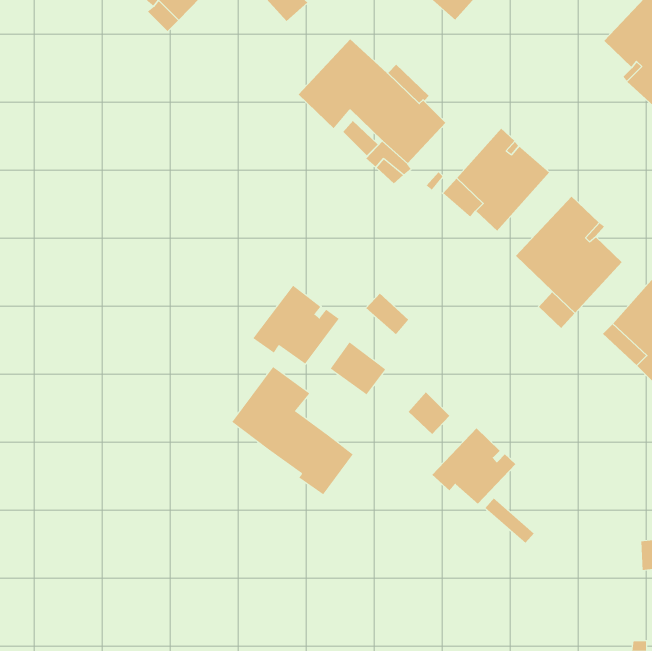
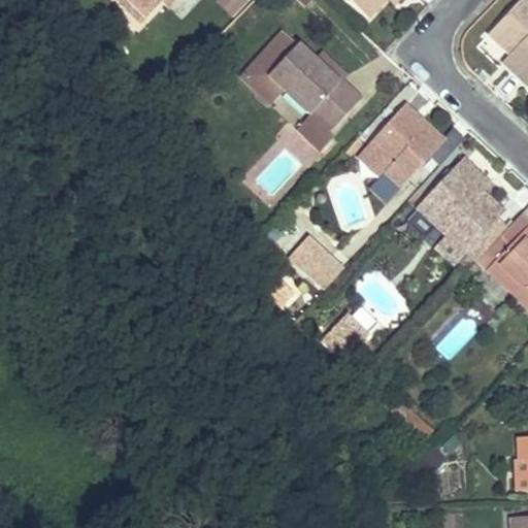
building: [253,285,340,364] -> none
building: [231,366,354,495] -> none
building: [431,428,516,505] -> none

